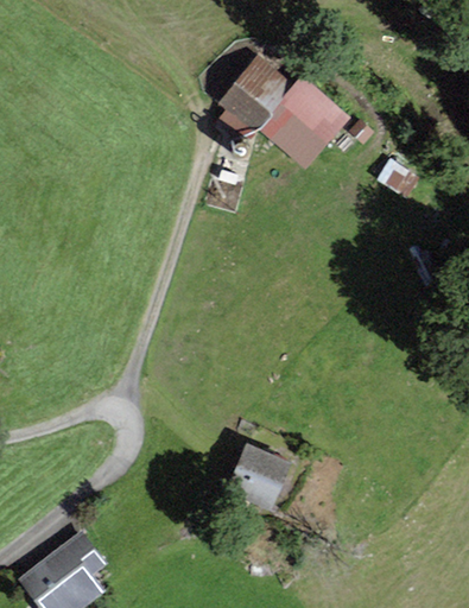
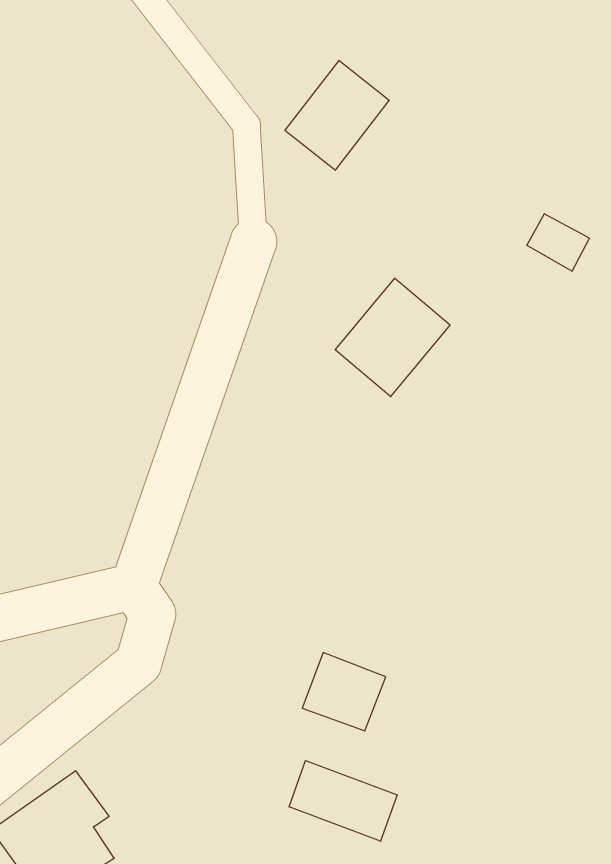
building: [267,84,346,165] -> [335,278,450,397]
building: none -> [289,761,397,841]

